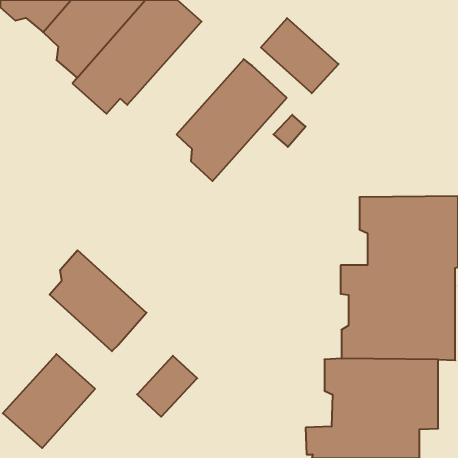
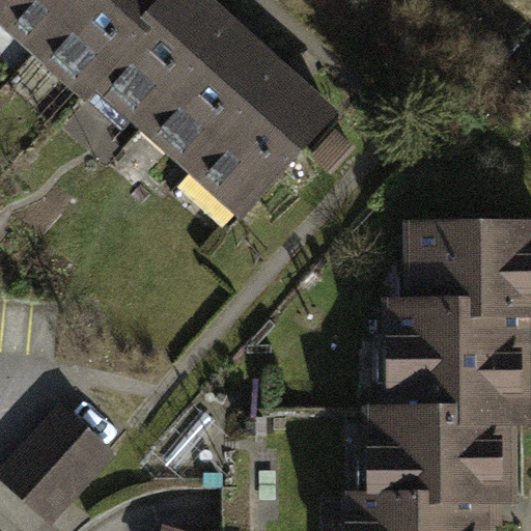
building: [261,18,339,93] -> none
building: none -> [156,25,282,165]
building: [50,250,147,351] -> none

